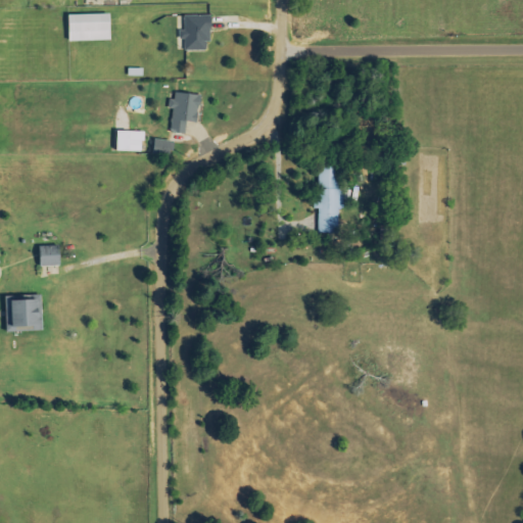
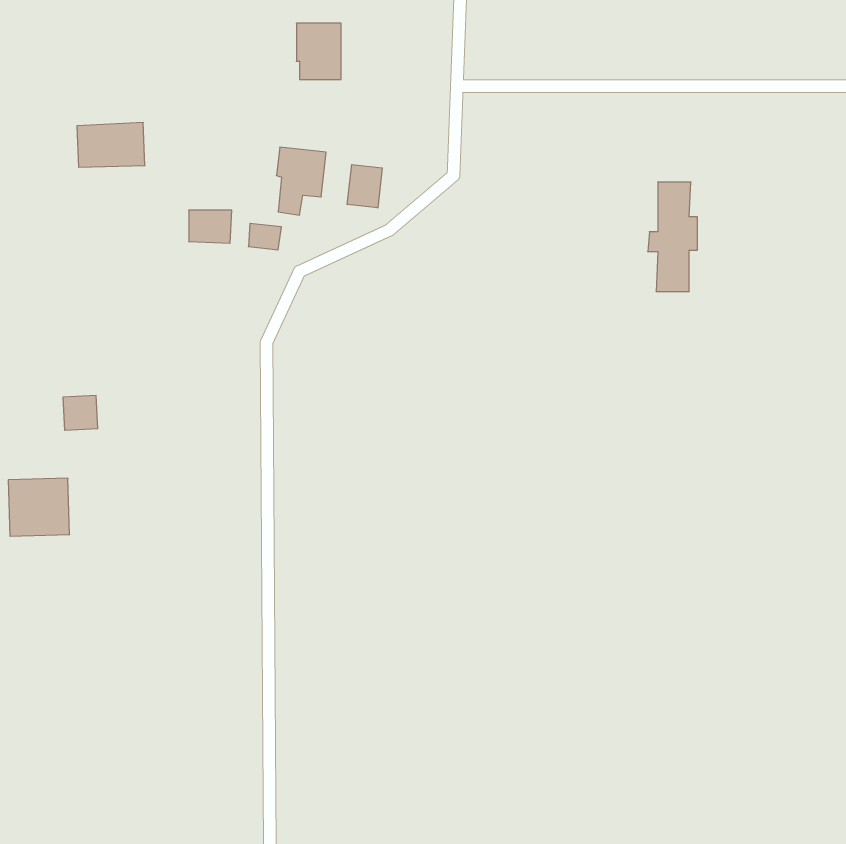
building: [68,12,110,40] -> [77,123,145,167]
building: none -> [347,165,382,208]
building: [313,165,343,233] -> [648,182,697,291]

